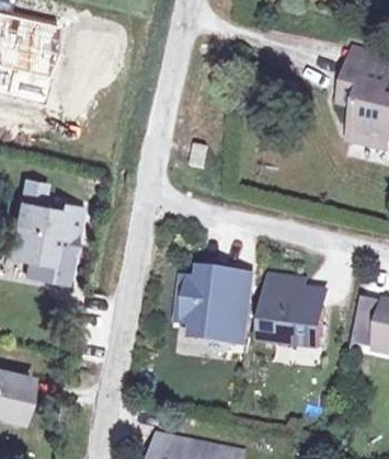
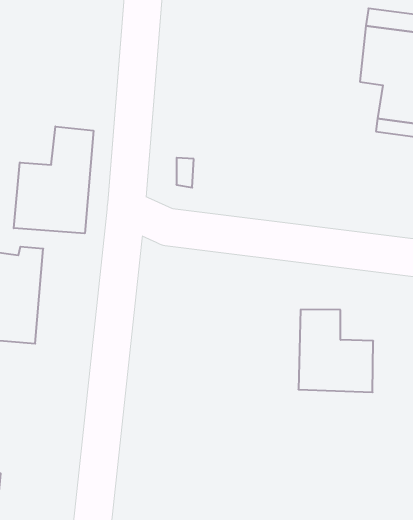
building: none -> [14,126,93,233]
building: [181,269,254,340] -> none

